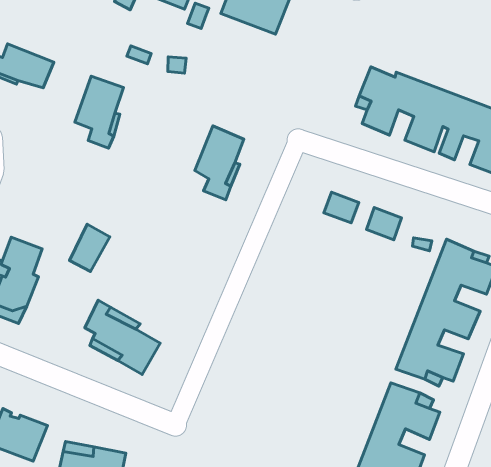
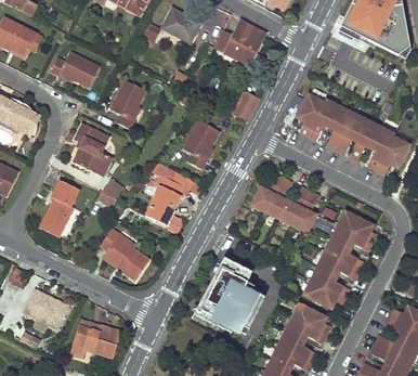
building: none -> [226,87,259,121]
building: none -> [74,124,112,176]
building: none -> [146,176,183,224]
building: none -> [250,186,314,231]
building: none -> [195,261,258,340]

